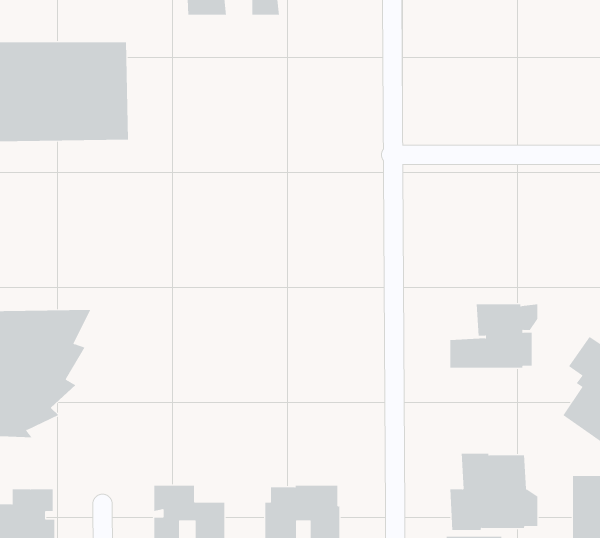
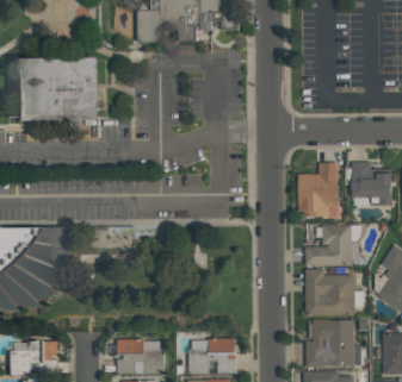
building: none -> [345,161,394,205]
building: none -> [298,162,339,215]
building: none -> [305,268,354,315]

